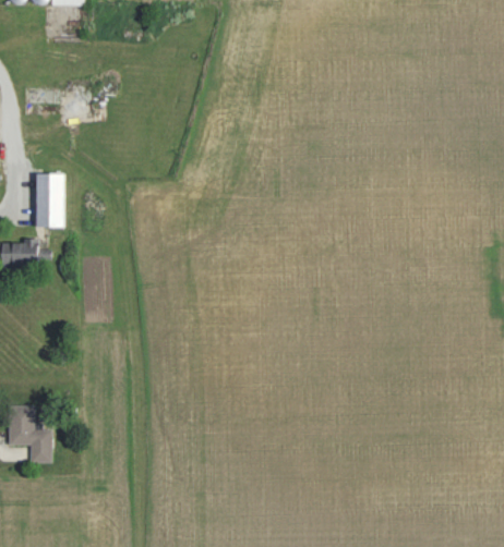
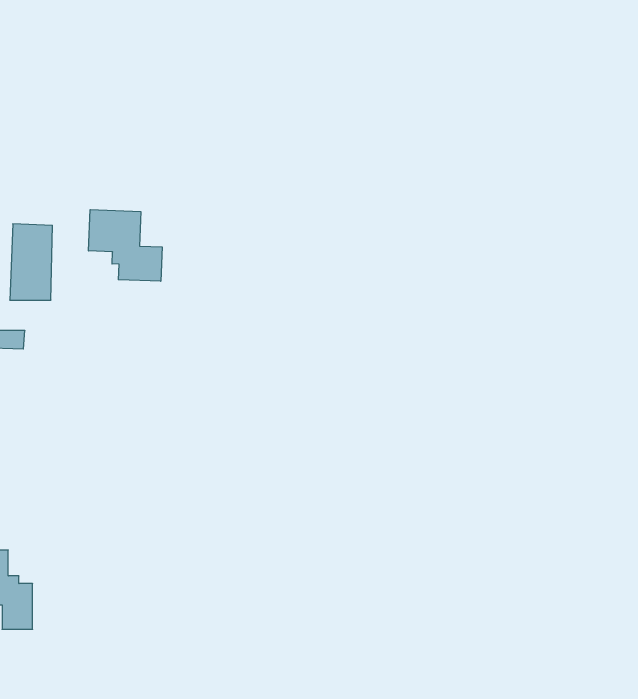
building: none -> [89,210,162,281]

